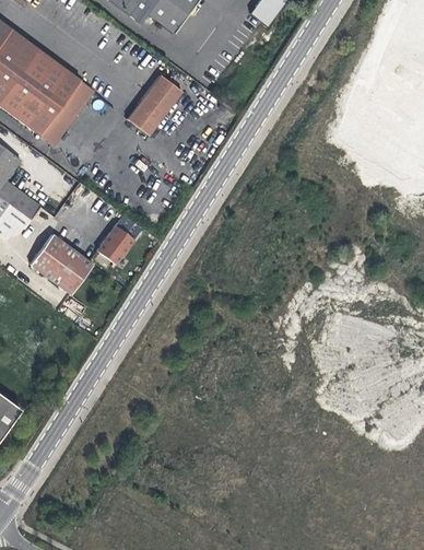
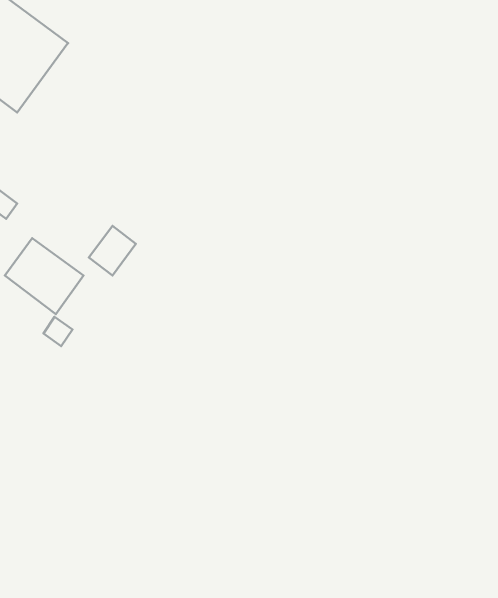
building: [126,75,181,136] -> none
building: [39,82,93,145] -> none

